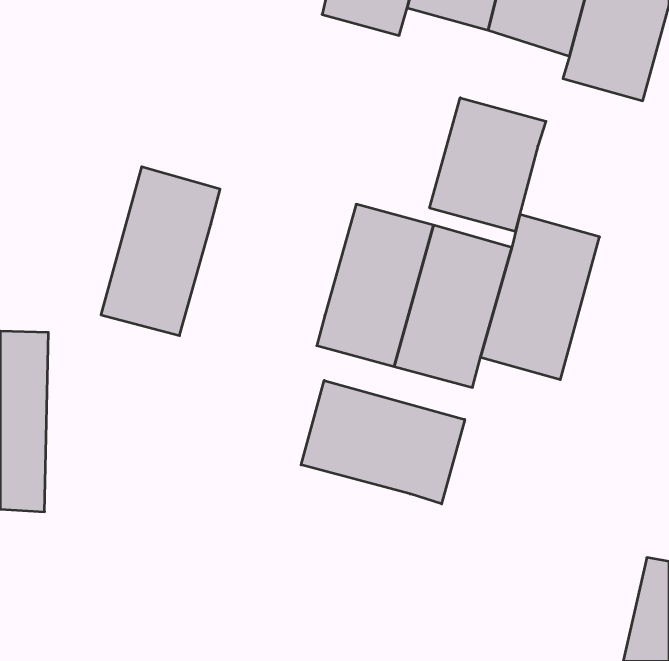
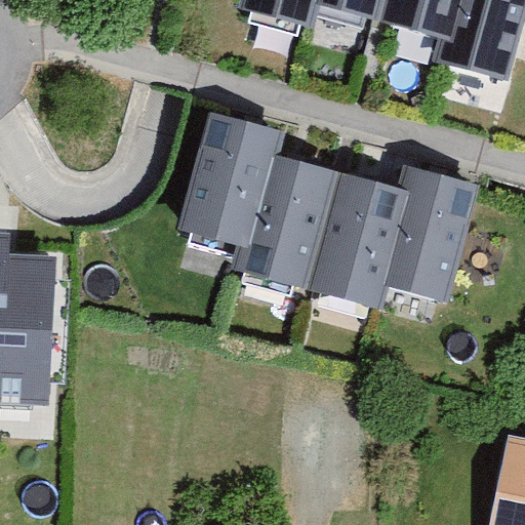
building: [430,98,546,232] -> none
building: [101,167,220,336] -> [193,115,286,247]
building: [301,380,465,504] -> none

